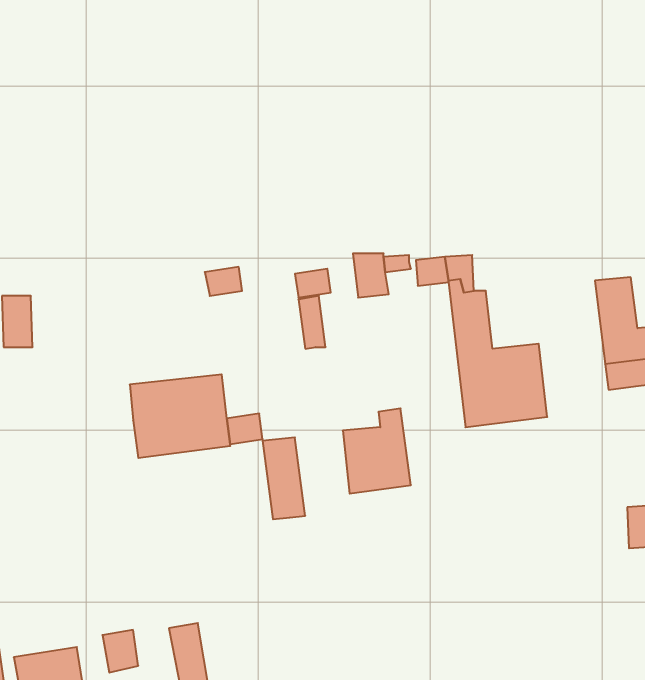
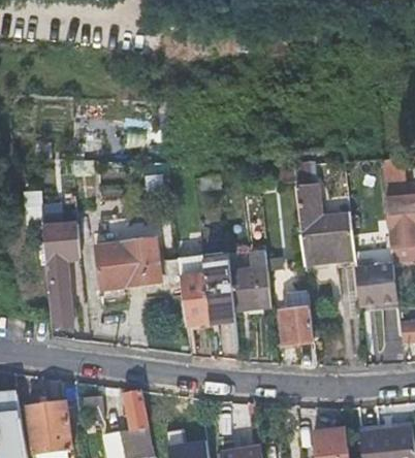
building: none -> [42,221,78,322]
building: none -> [201,253,233,317]
building: none -> [352,256,396,303]
building: none -> [278,289,311,341]

